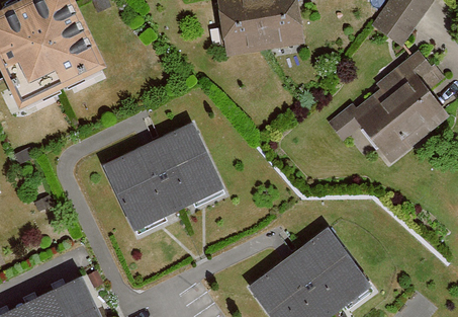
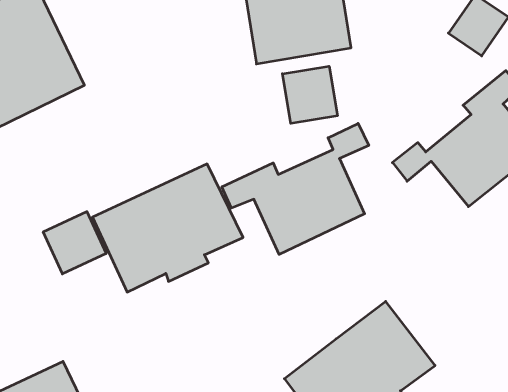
building: none -> [282,66,337,123]
building: none -> [222,123,369,254]
building: none -> [43,212,106,274]

